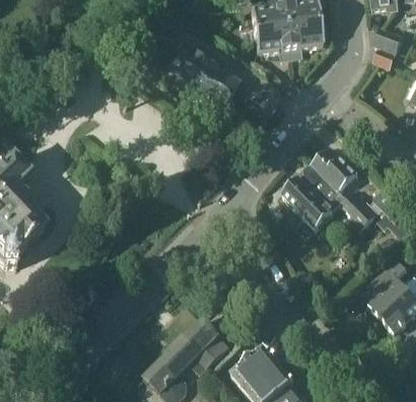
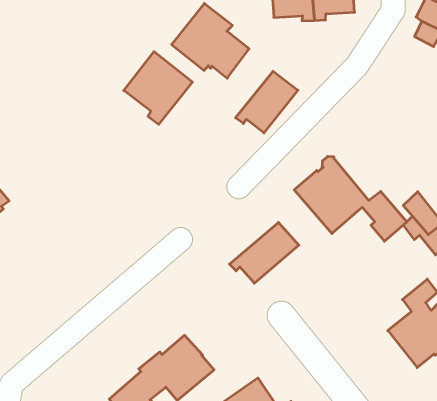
building: none -> [124,52,192,124]
building: none -> [236,71,298,133]
building: [313,147,357,192] -> none
building: none -> [229,222,299,283]

